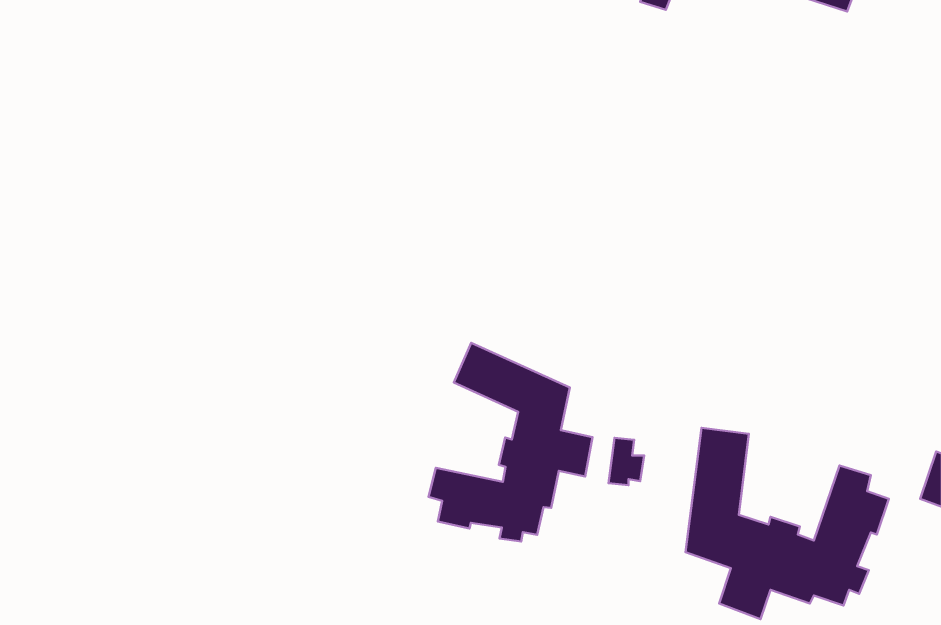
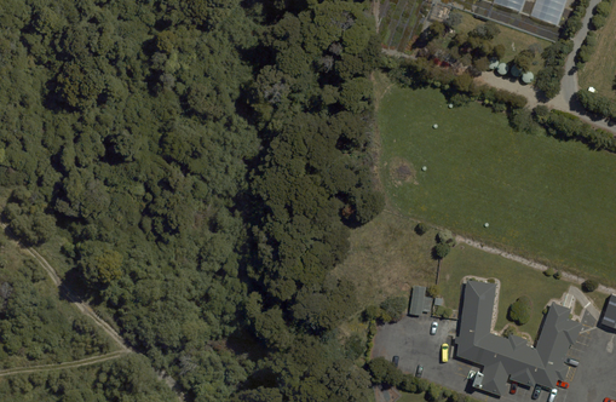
building: [429,343,593,542] -> none

